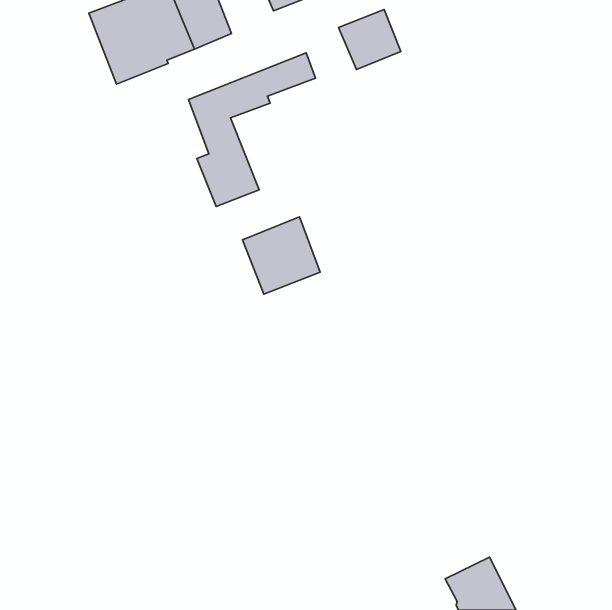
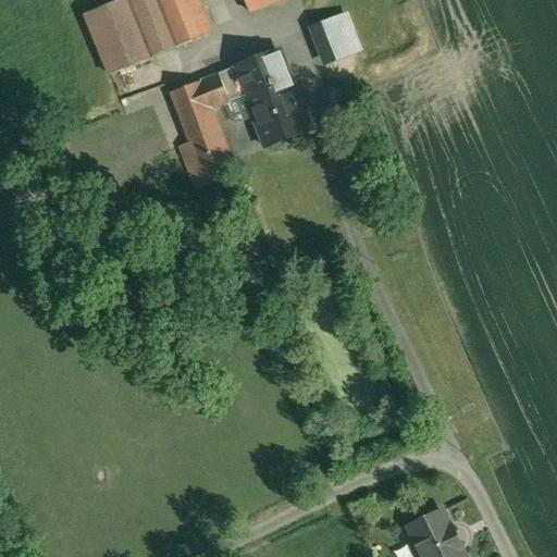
building: none -> [243,71,309,145]
building: [242,217,320,294] -> none

